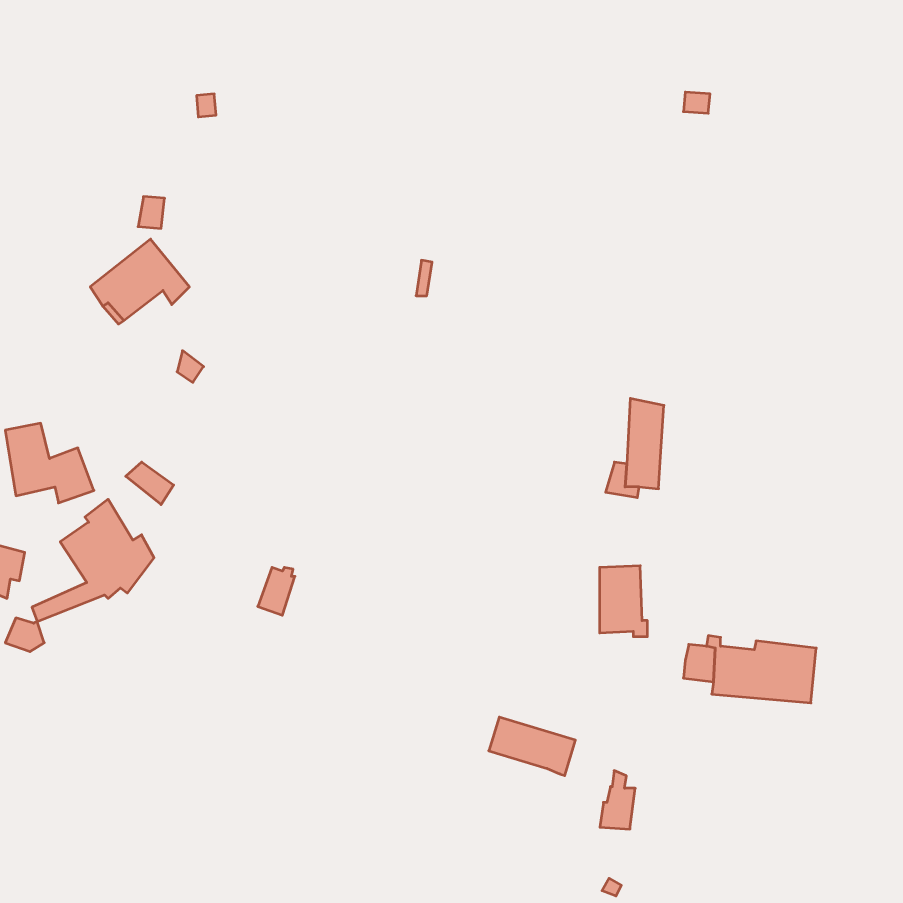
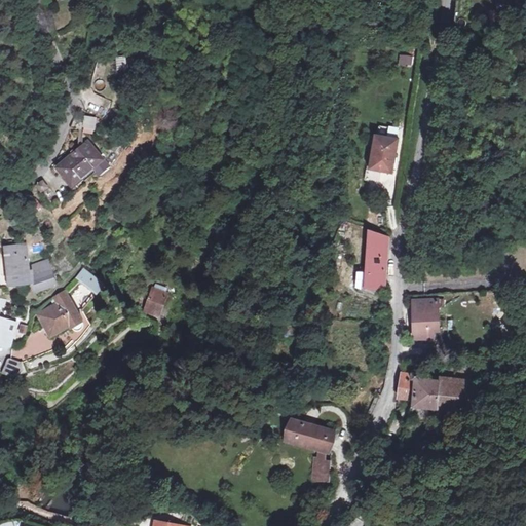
building: none -> [368,135,396,171]
building: [600,566,647,637] -> [415,298,443,339]
building: [258,567,295,615] -> [145,288,166,315]
building: [600,771,635,829] -> [309,446,330,480]

